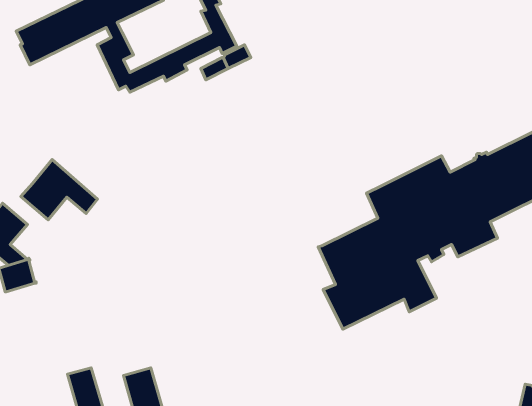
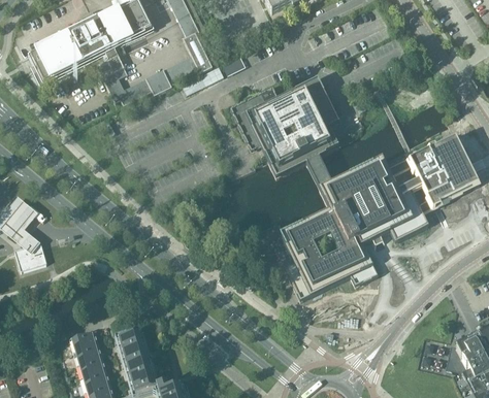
building: none -> [230,74,339,186]
building: [21,159,98,220] -> none

